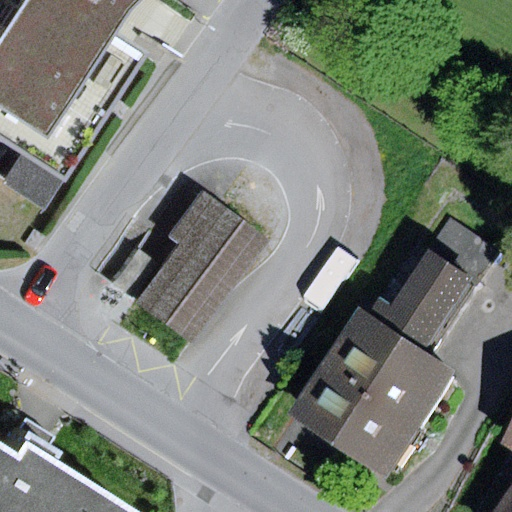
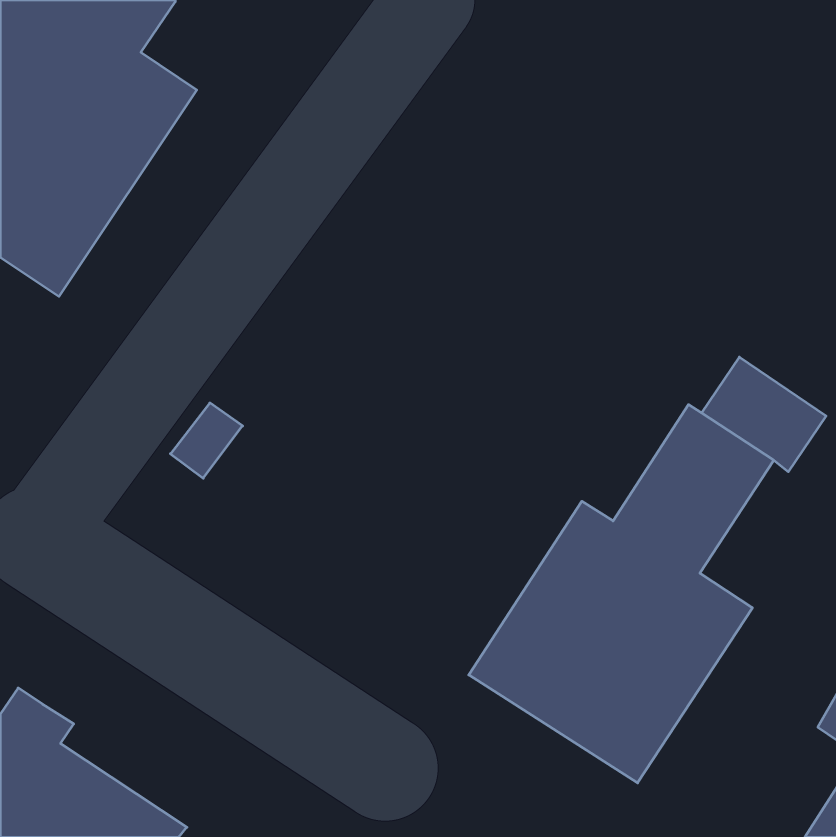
building: [128,187,262,341] -> none

